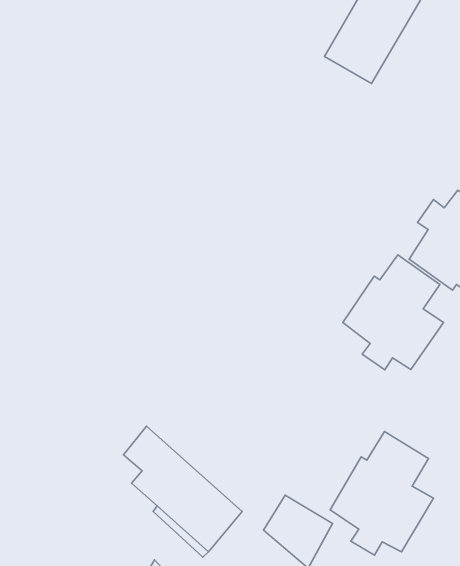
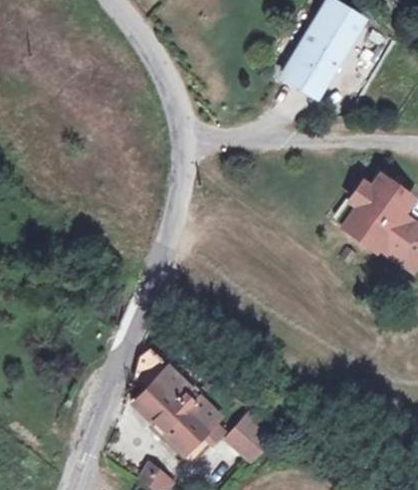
building: [343,255,444,370] -> none
building: [330,432,434,555] -> none

